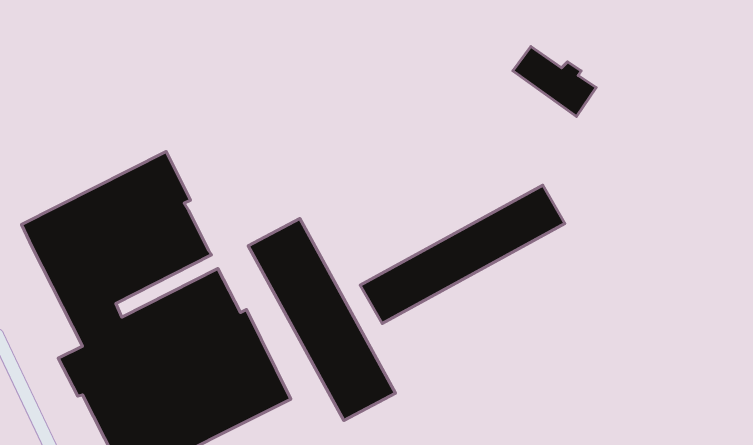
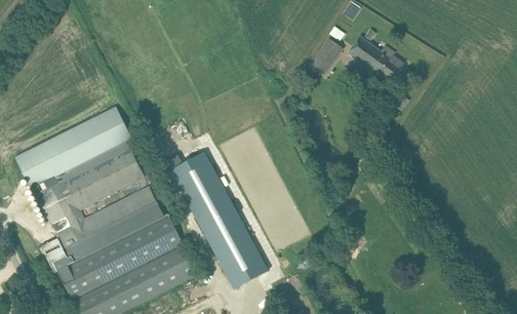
building: none -> [311,39,343,74]
building: [360,185,565,323] -> none

